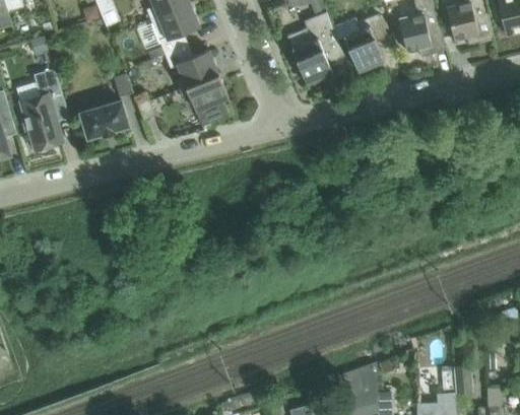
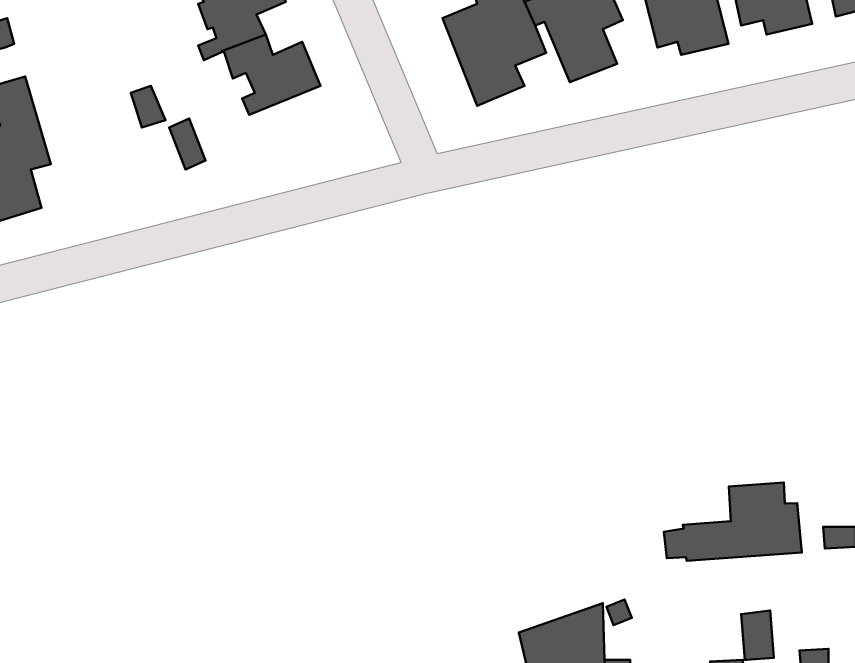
building: [179,73,229,126] -> none
building: [79,100,128,137] -> none
building: none -> [664,482,802,561]

